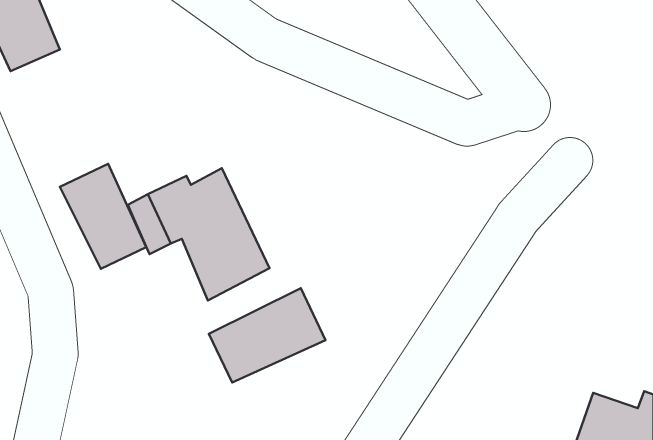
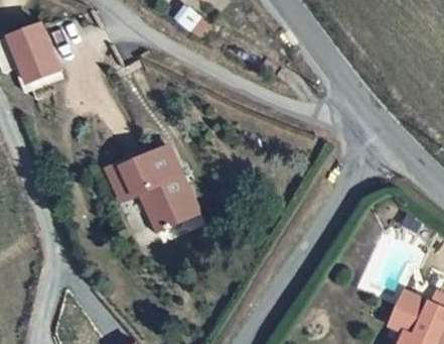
building: [60,164,146,269] -> none
building: [209,288,326,383] -> none

